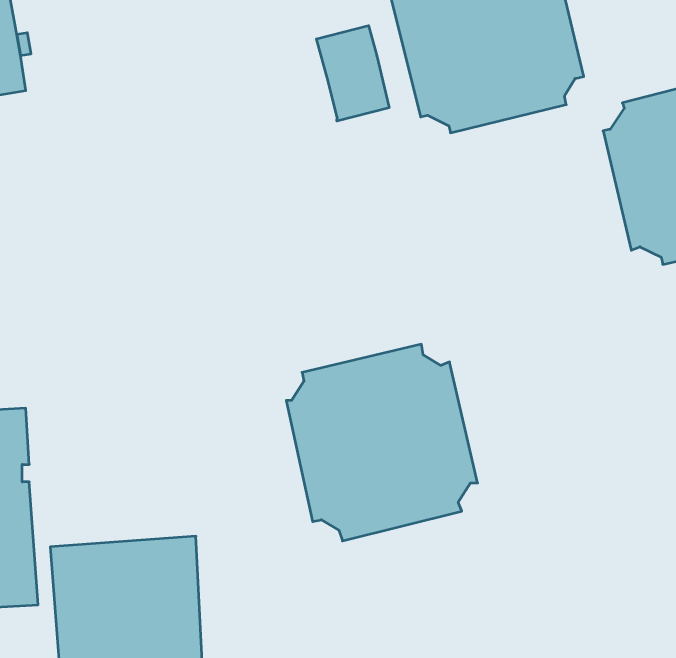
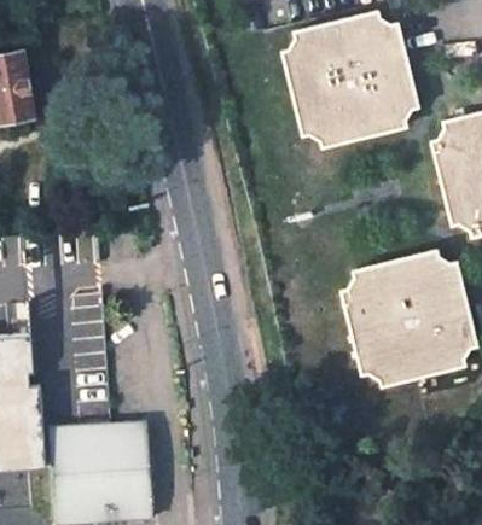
building: [316,26,389,121] -> none
building: [286,344,478,541] -> [342,251,474,386]

